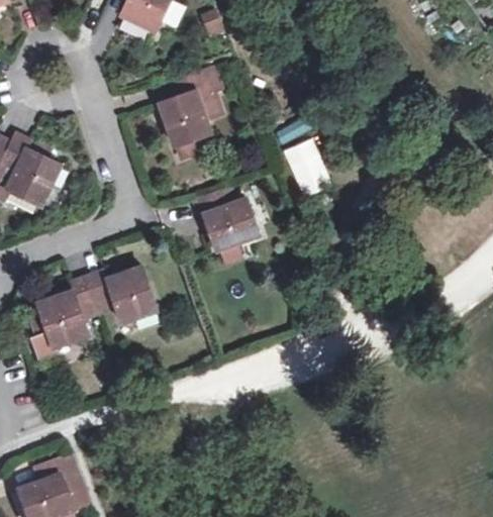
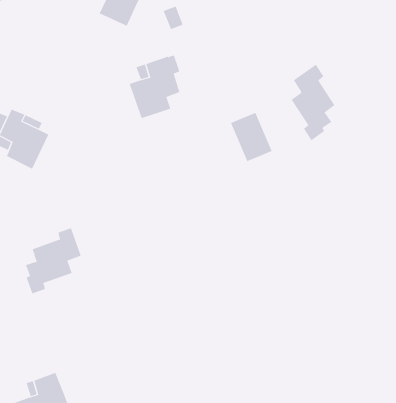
building: none -> [291,64,335,141]
building: [196,188,261,249] -> none
building: [88,267,158,321] -> none

